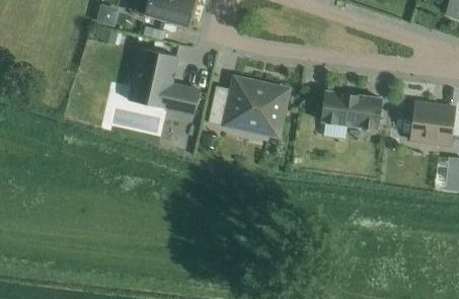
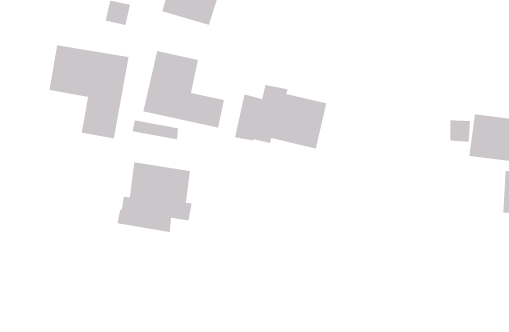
building: none -> [49,44,129,139]
building: [321,90,381,128] -> none
building: none -> [117,161,192,233]

